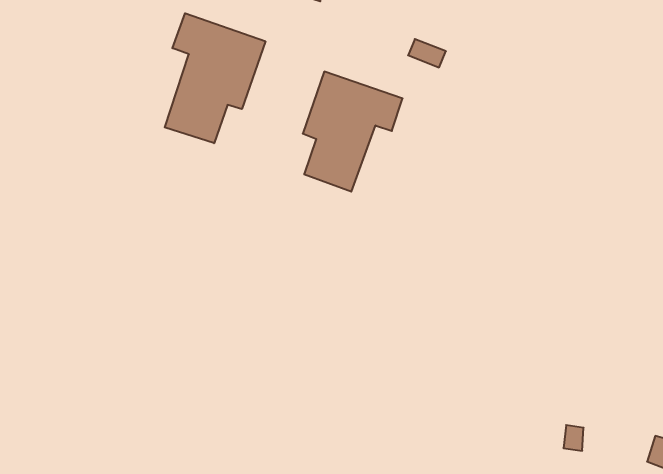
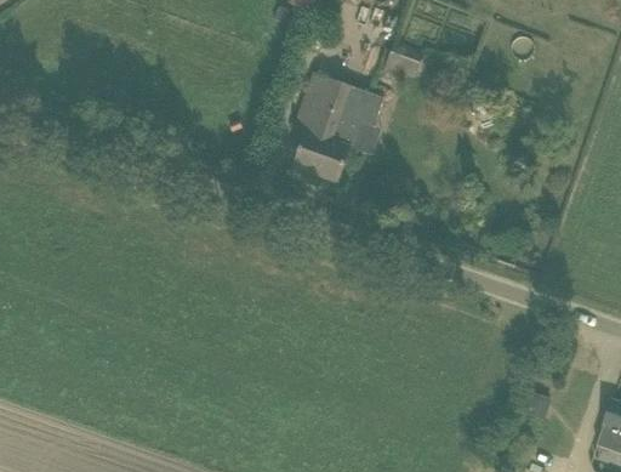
building: [165,13,265,143] -> none

